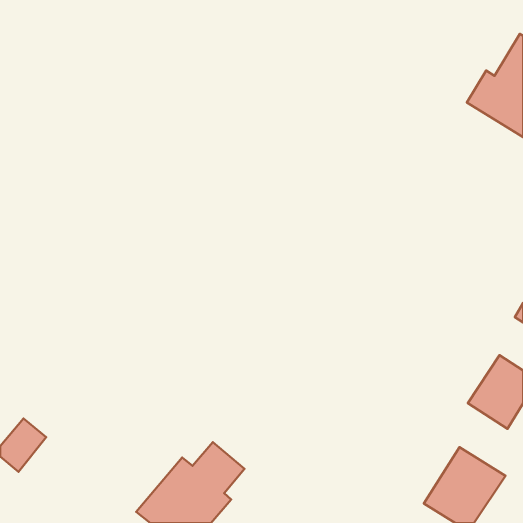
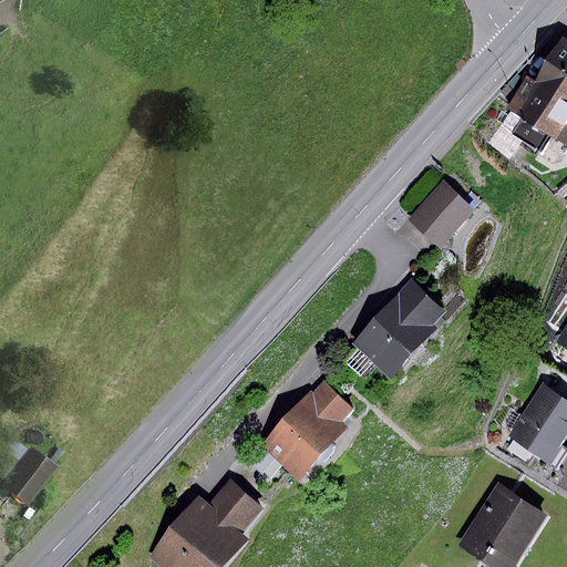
building: none -> [415,181,478,245]
building: none -> [352,279,446,380]
building: none -> [260,382,354,482]

